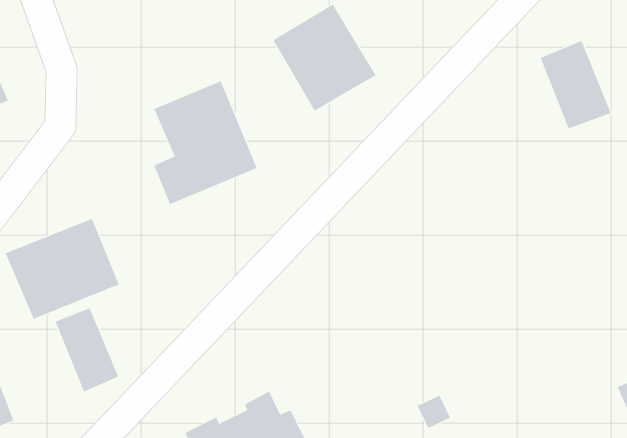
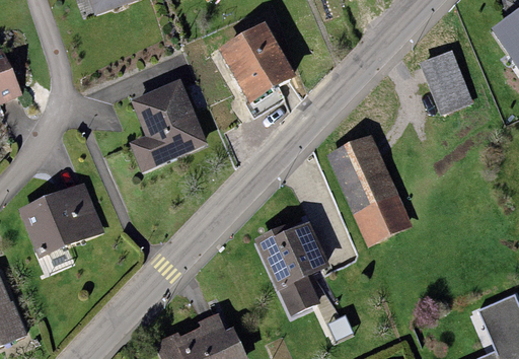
building: none -> [326,134,413,246]
building: none -> [252,220,329,317]
building: [55,307,119,392] -> none

